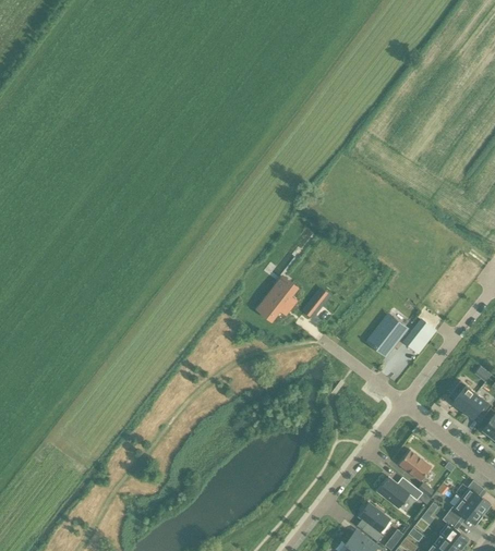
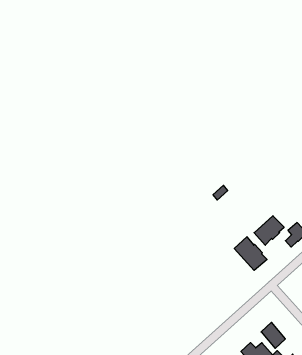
building: [259,277,297,316] -> none
building: none -> [234,237,267,270]

